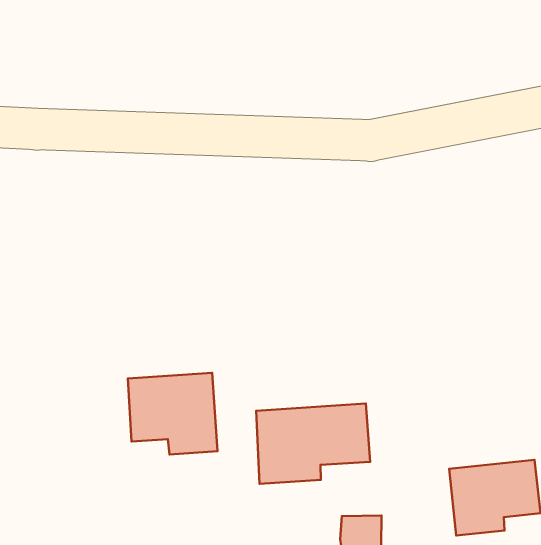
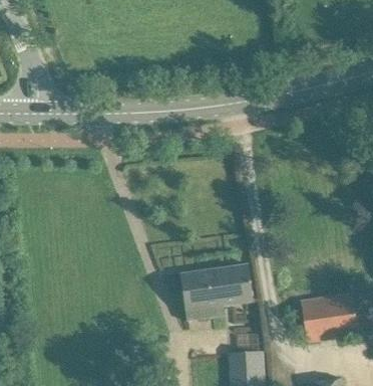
building: [128,373,218,455] -> none

